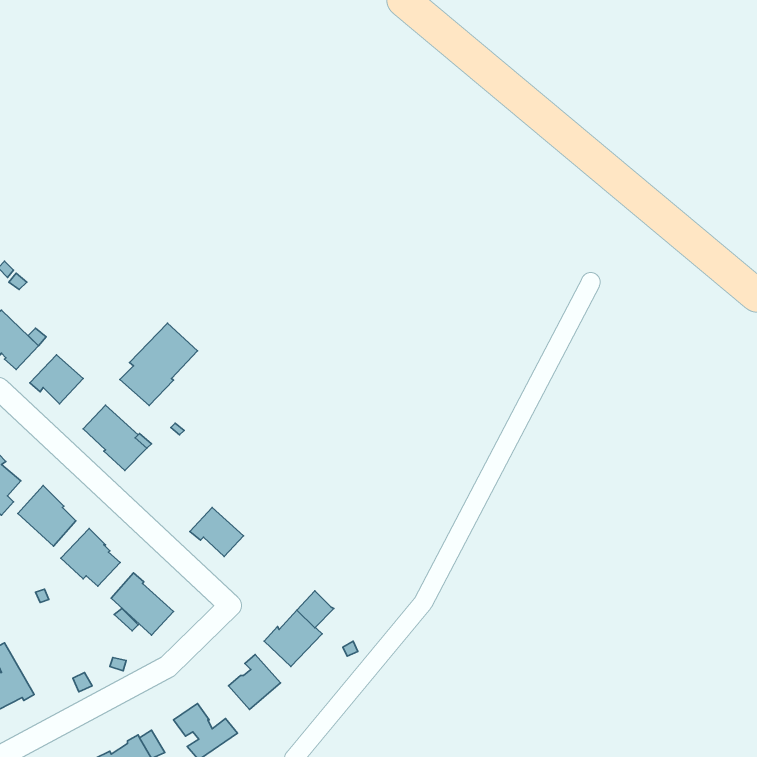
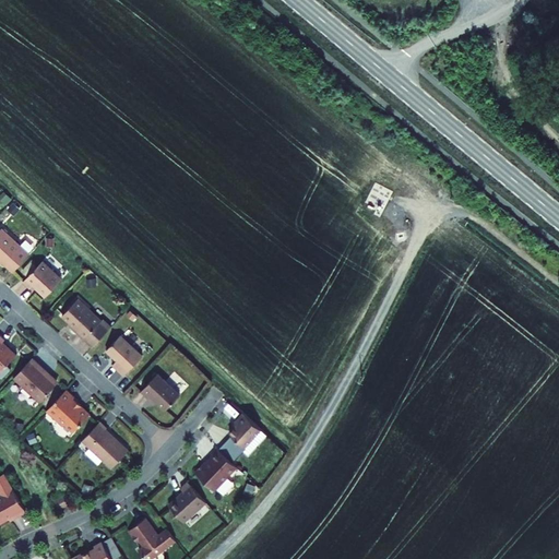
building: [120,323,197,406] -> none
building: none -> [105,336,142,376]
building: none -> [229,414,260,448]

